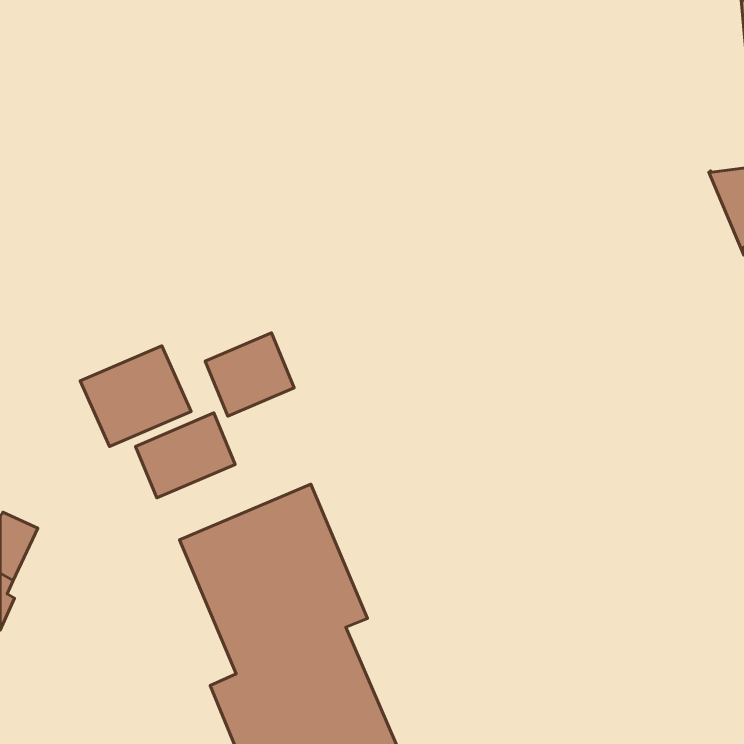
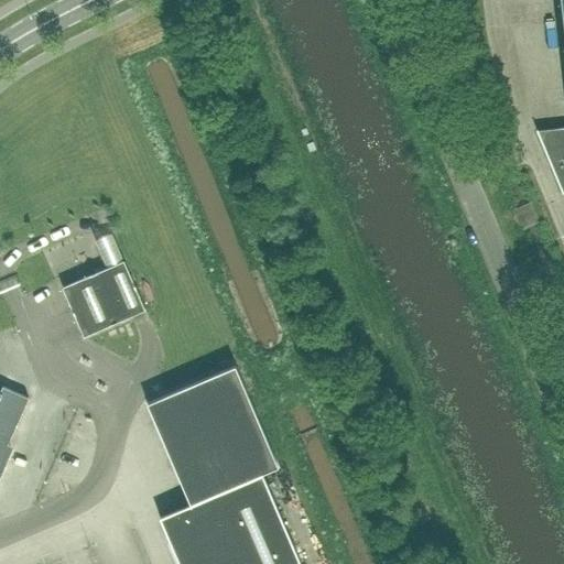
building: [205,333,294,416] -> none
building: [136,413,235,498] -> none

